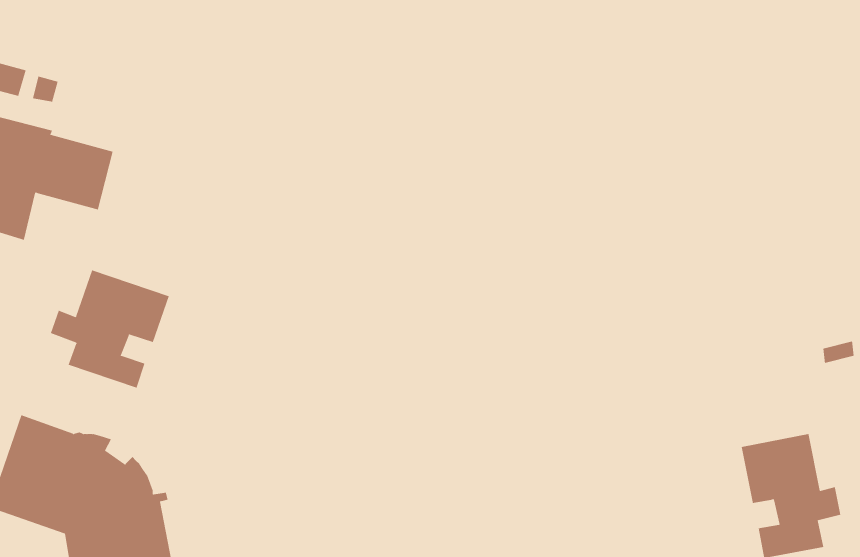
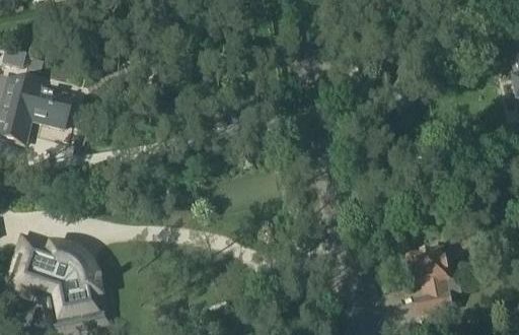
building: [50,269,169,388] -> none

